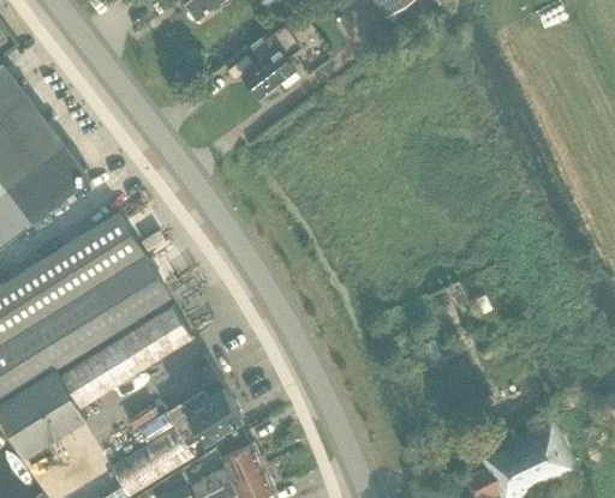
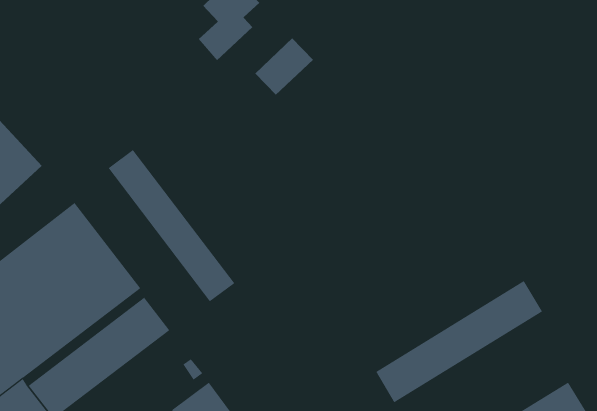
building: none -> [254,38,314,96]
building: none -> [108,149,235,302]
building: none -> [375,280,543,403]

